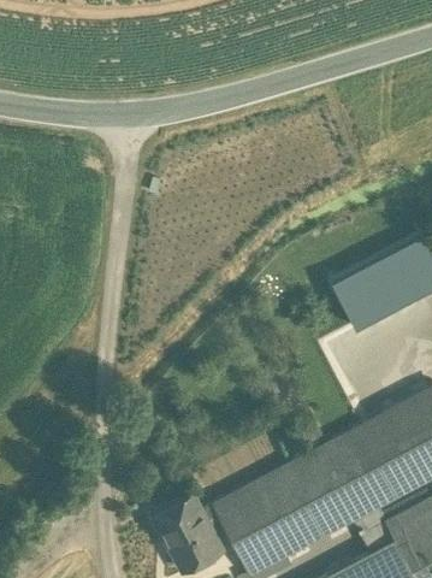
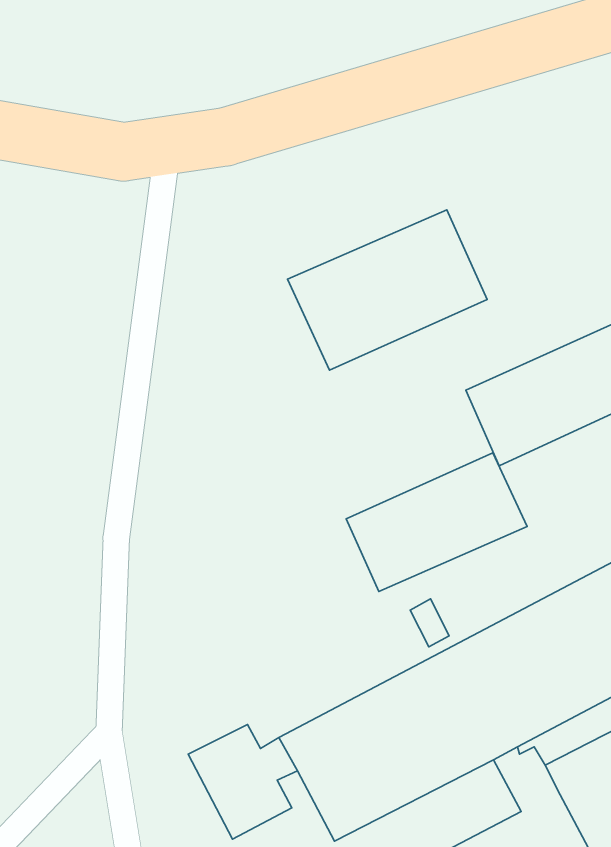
building: none -> [288,210,487,370]
building: none -> [346,453,527,591]

